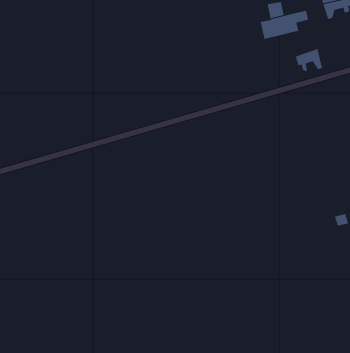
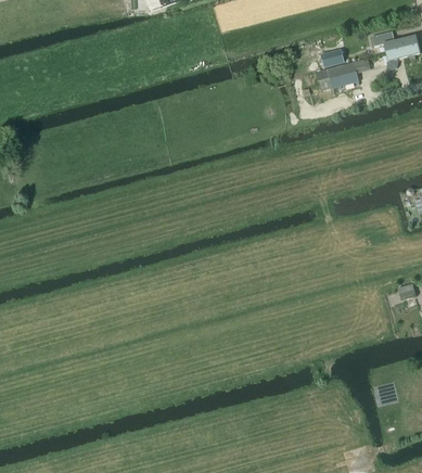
building: [295,48,323,72] -> none

